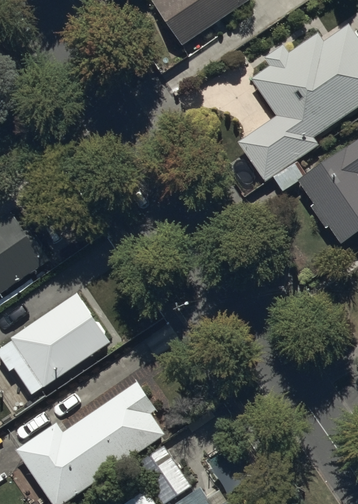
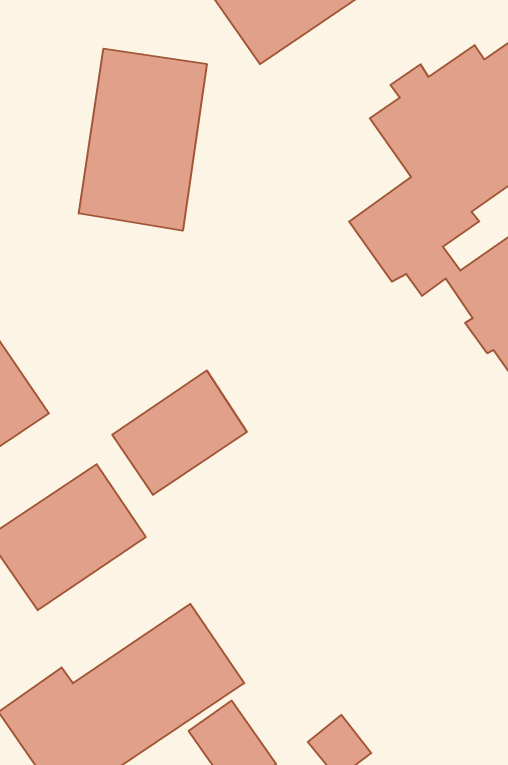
building: none -> [79,49,207,231]
building: none -> [112,370,247,495]

